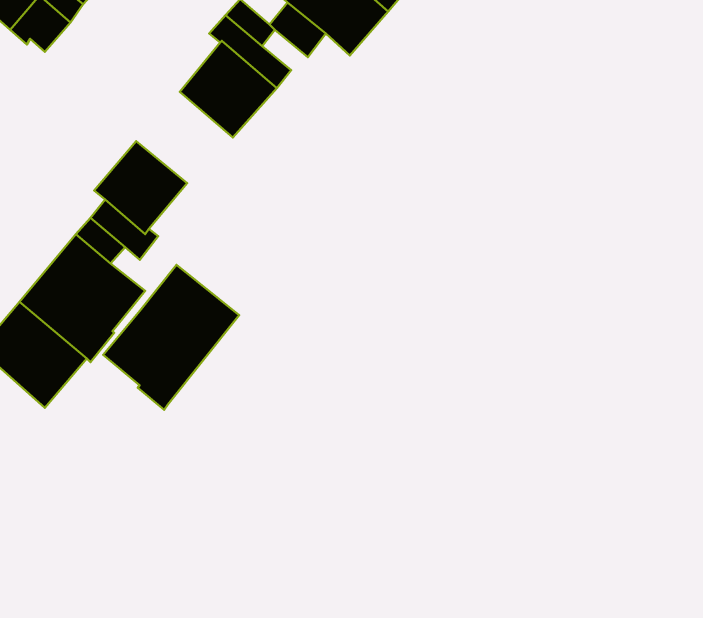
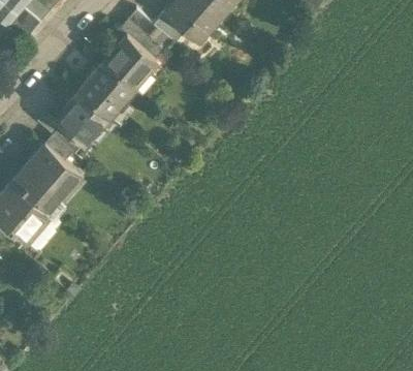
building: none -> [78,63,133,118]
building: [103,265,239,410] -> none

